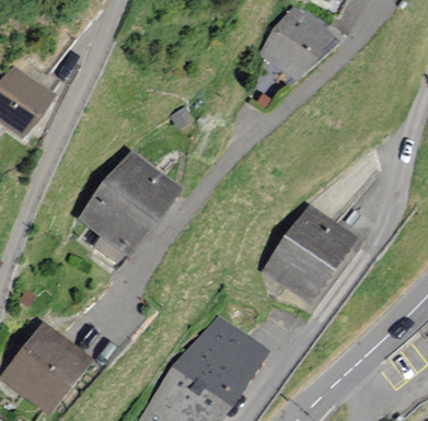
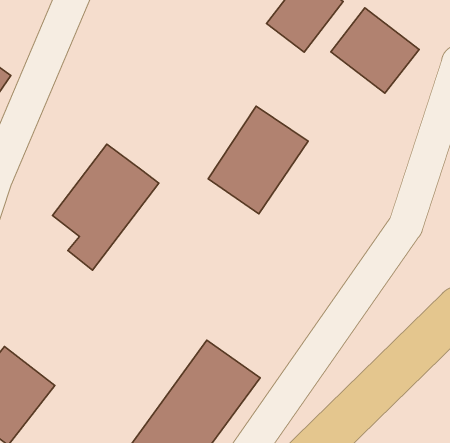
building: none -> [331,8,419,93]
building: [267,209,351,300] -> [208,106,308,214]

